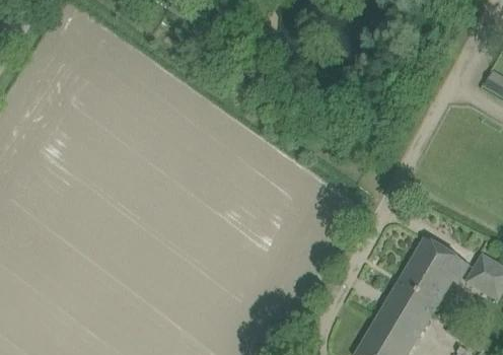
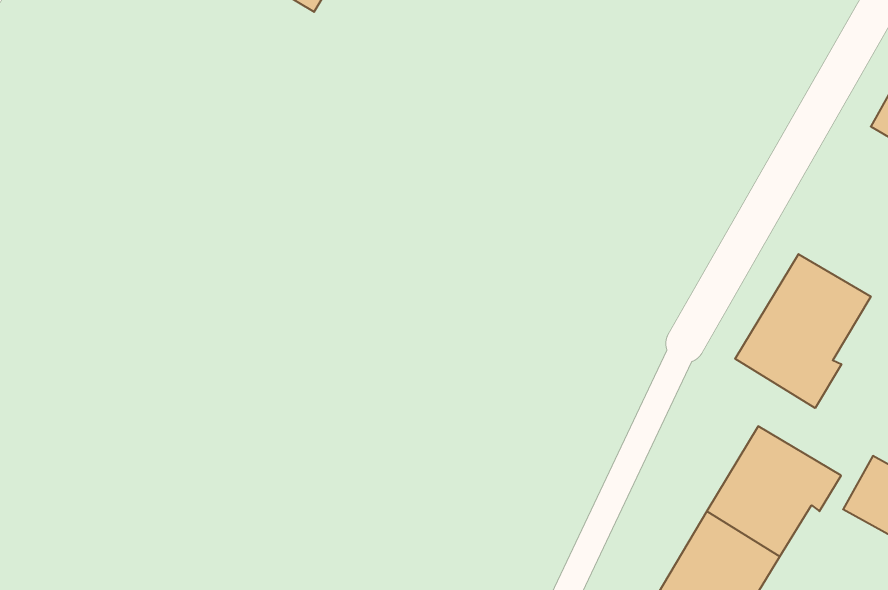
building: none -> [735,254,871,408]

